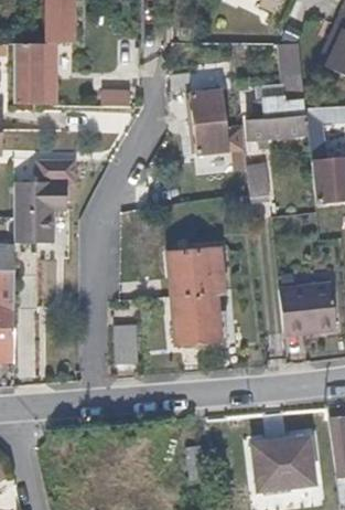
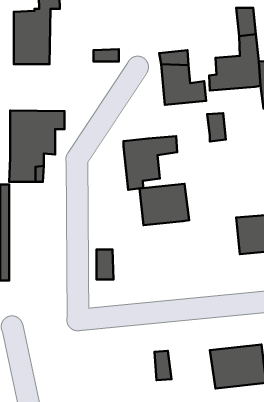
building: none -> [123,136,177,190]
building: [171,291,220,342] -> none

